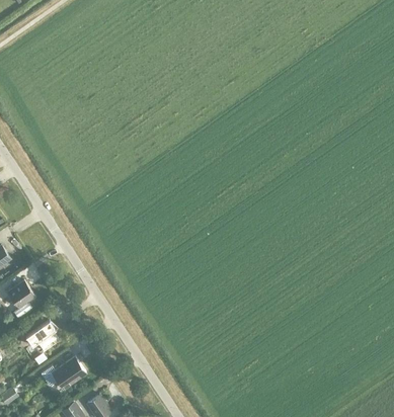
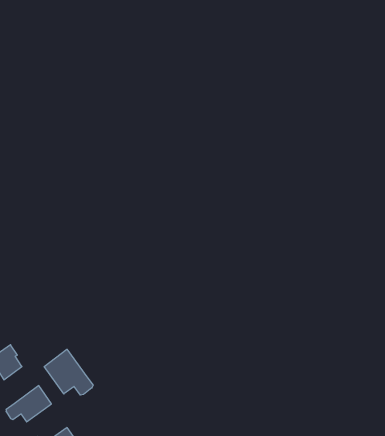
building: none -> [44,349,93,395]

